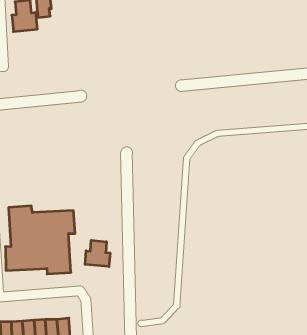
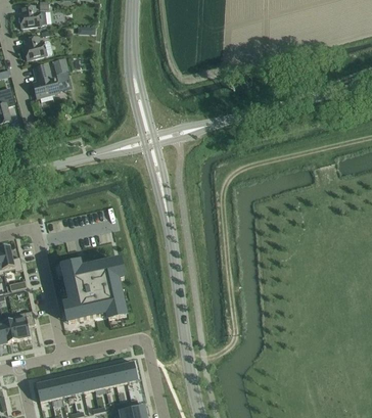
building: [85,240,110,267] -> none

